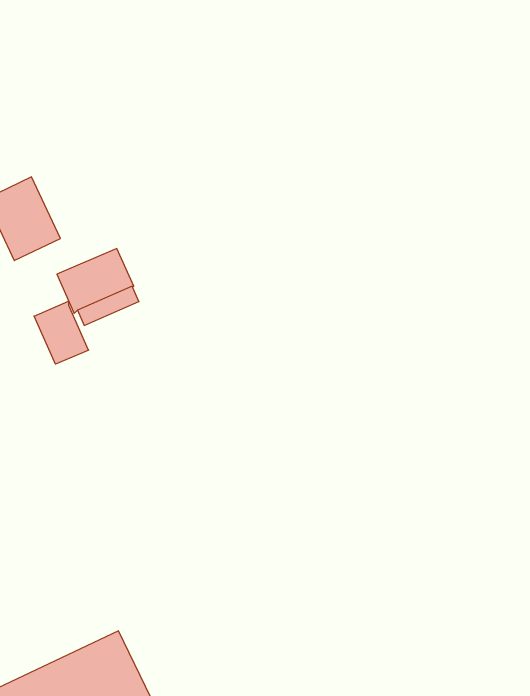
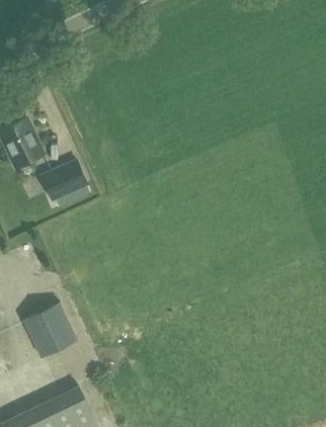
building: [34,301,89,364] -> none
building: none -> [21,301,79,358]

